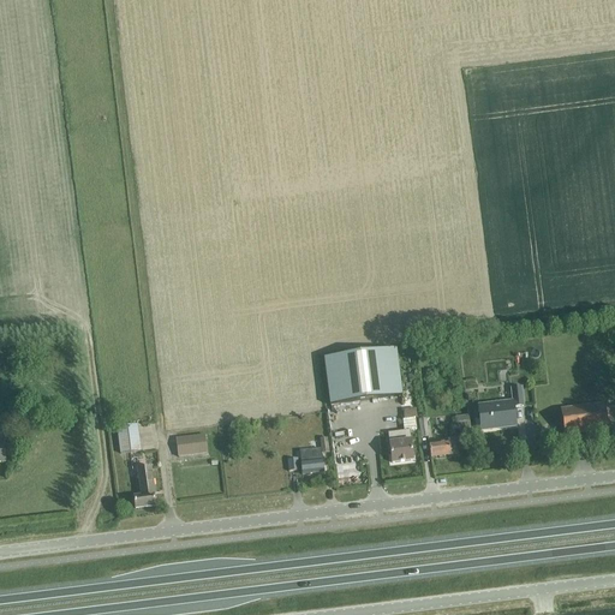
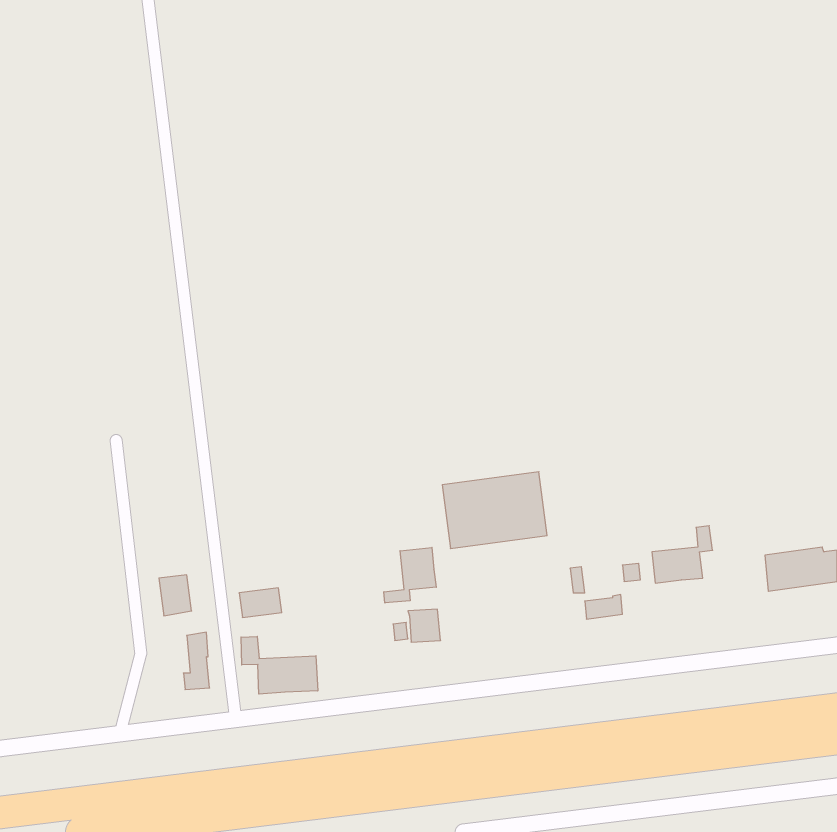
building: none -> [384,547,436,603]
building: [388,416,417,460] -> none
building: none -> [241,636,318,694]

